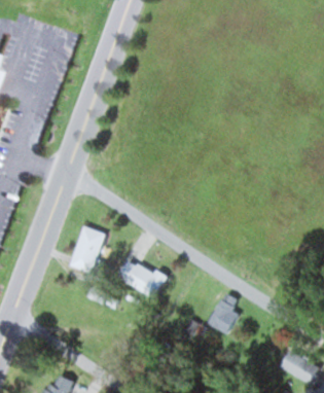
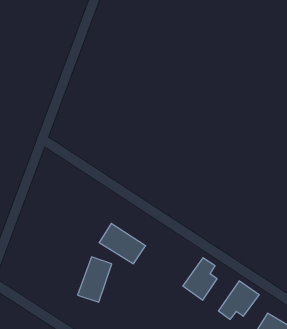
building: [71,226,106,273] -> [78,257,112,302]
building: none -> [219,281,259,319]

